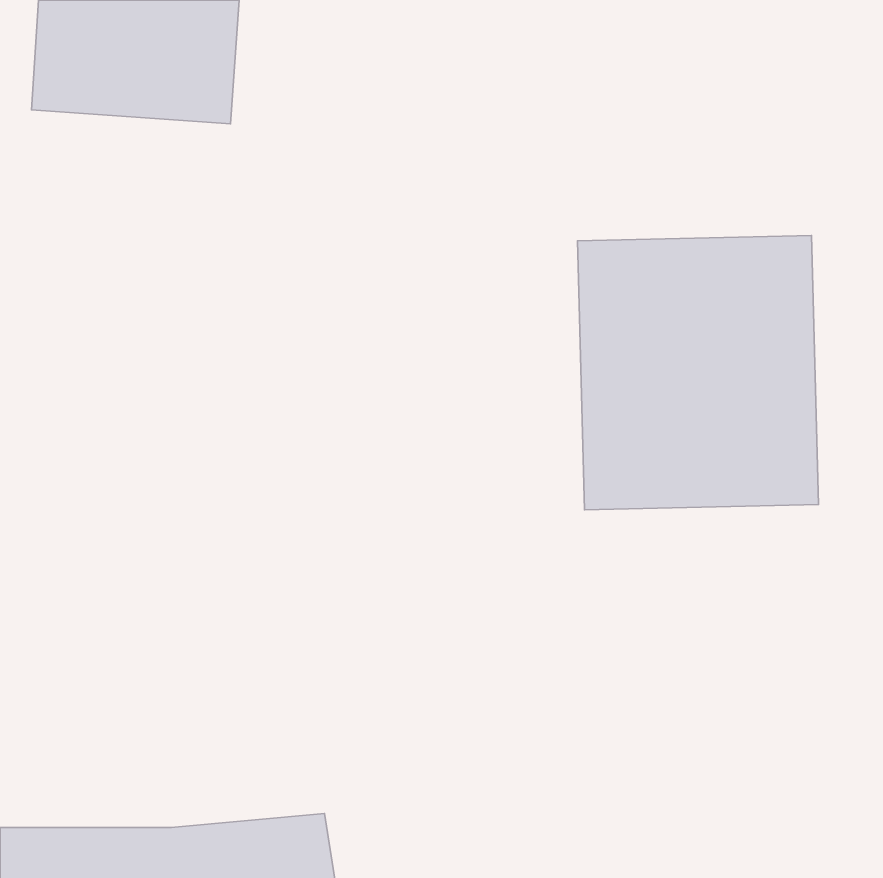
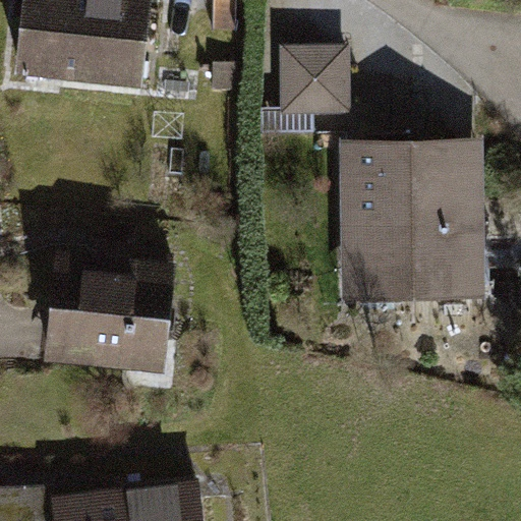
building: none -> [281,48,348,114]
building: none -> [46,256,173,371]

